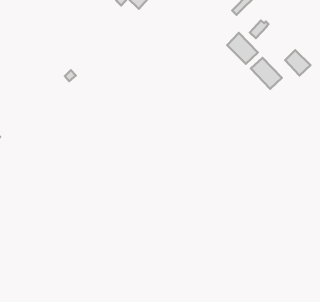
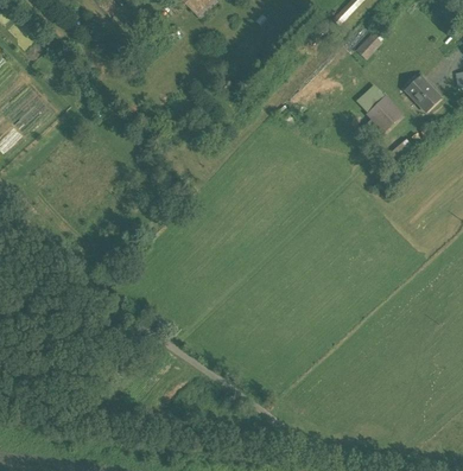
building: [227,33,258,64] -> none

